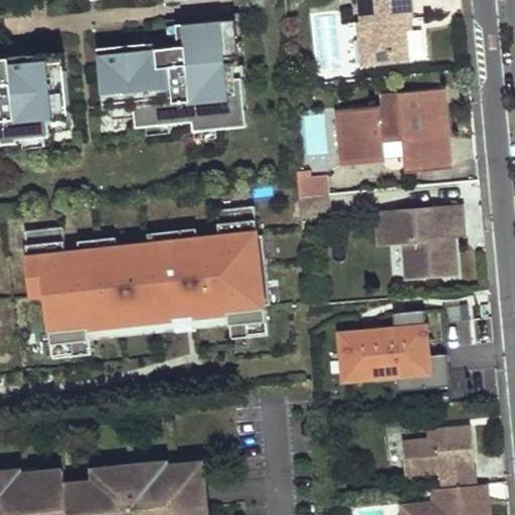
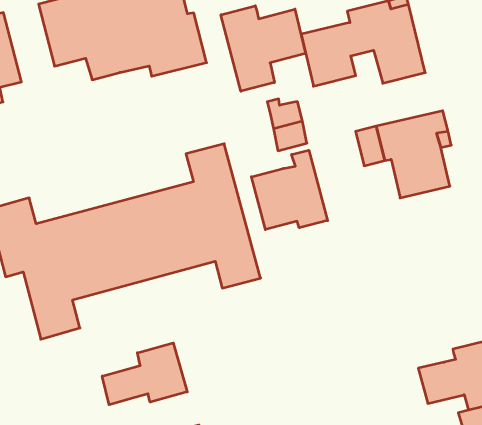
building: none -> [221,6,305,91]
building: none -> [251,150,328,230]
building: [339,311,448,389] -> none
building: none -> [102,343,187,405]

